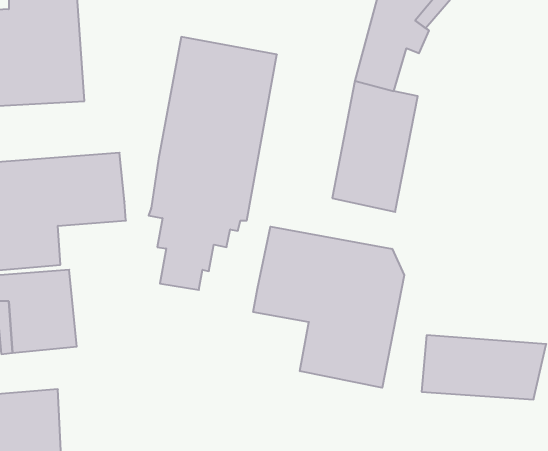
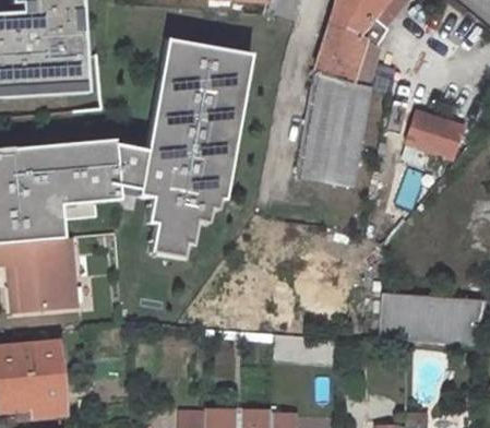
building: none -> [409,112,465,159]
building: none -> [117,135,151,183]
building: [253,227,404,388] -> none

